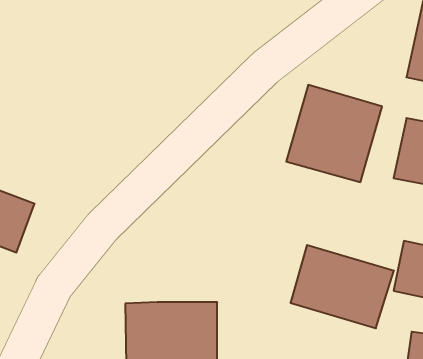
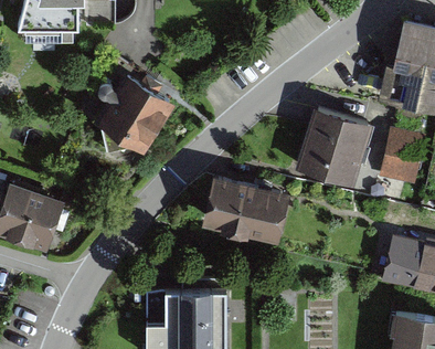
building: none -> [95,71,177,152]
building: [290,245,394,328] -> [204,174,294,246]

